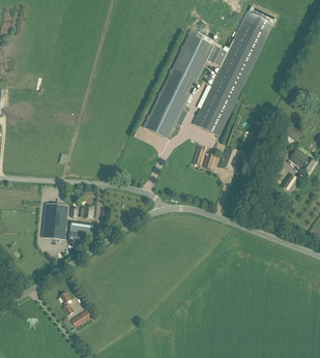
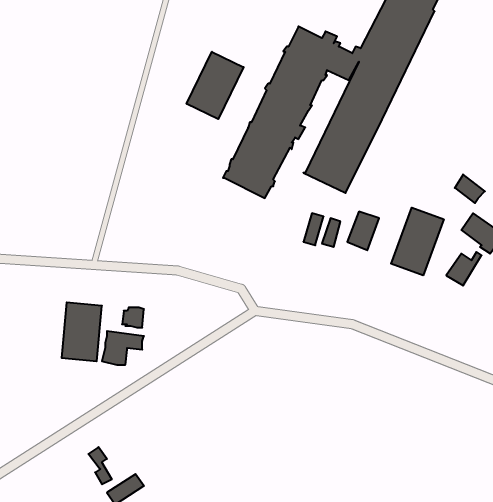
building: none -> [187,52,244,119]
building: none -> [391,208,444,275]

